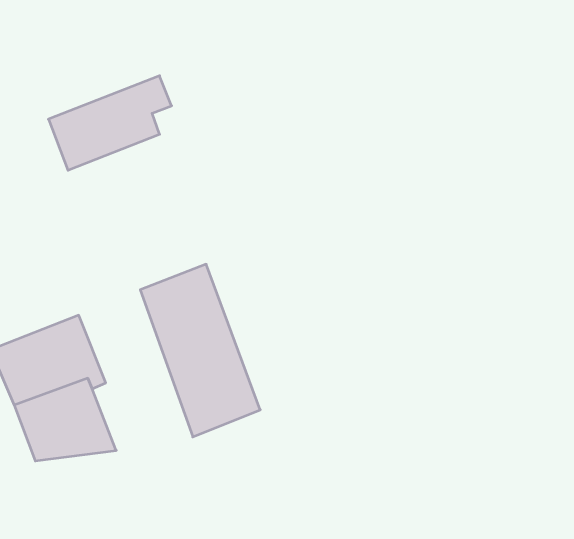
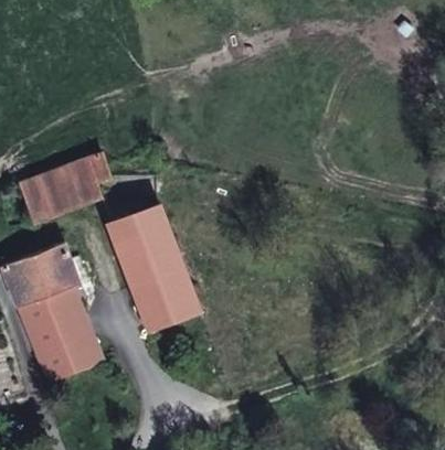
building: [48,76,172,170] -> [22,152,113,222]
building: none -> [33,341,100,383]

